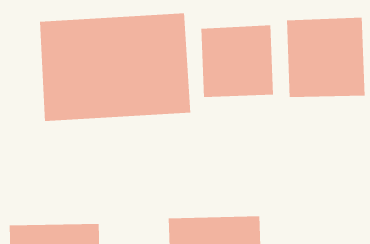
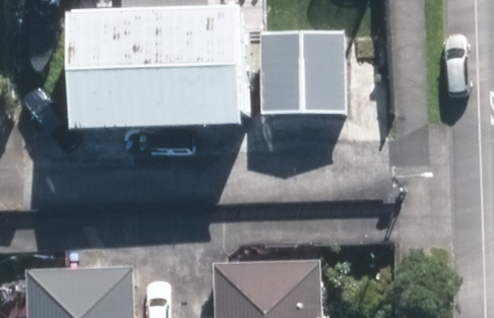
building: [286,17,365,98] -> none

